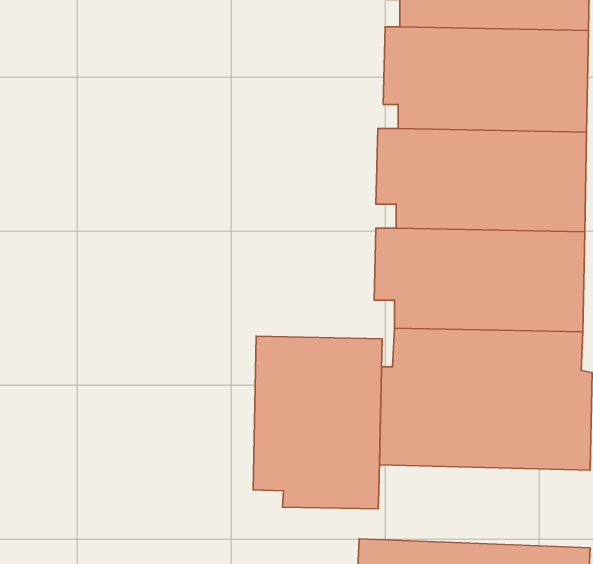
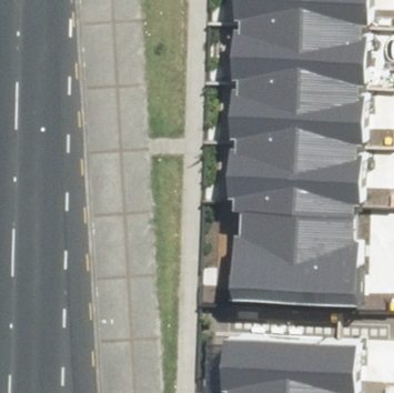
building: [253,336,382,509] -> none

